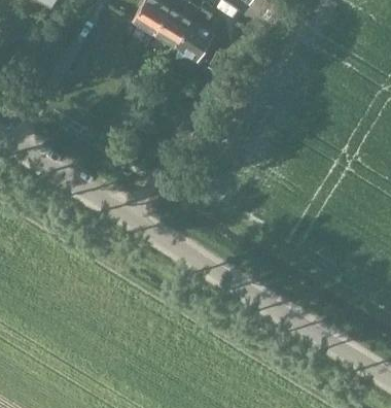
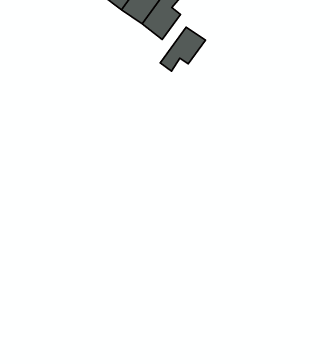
building: none -> [160,27,205,71]

